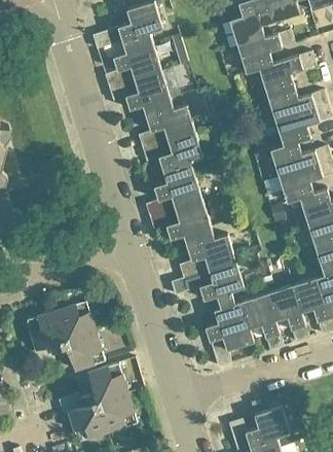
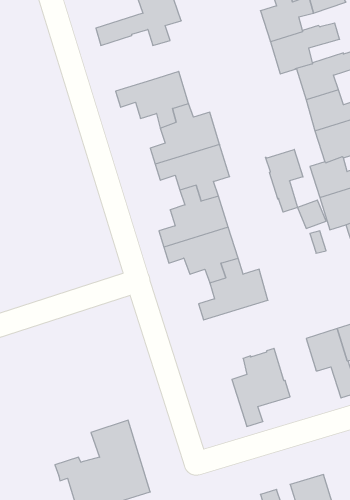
building: [105,36,161,88] -> none
building: none -> [265,149,303,212]
building: [170,262,245,309] -> none
building: [240,293,284,351] -> none
building: [27,300,106,369] -> none

